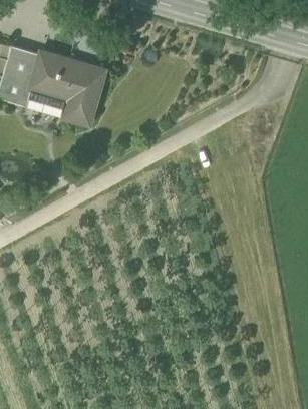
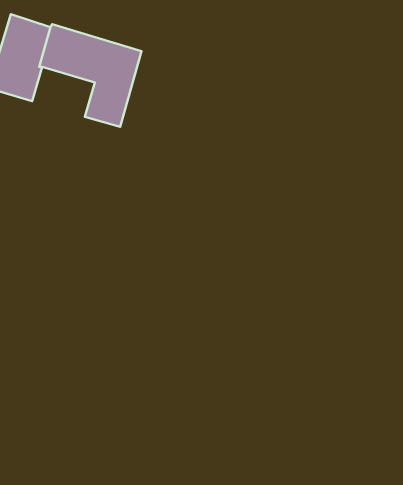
building: [27,83,71,118] -> none

